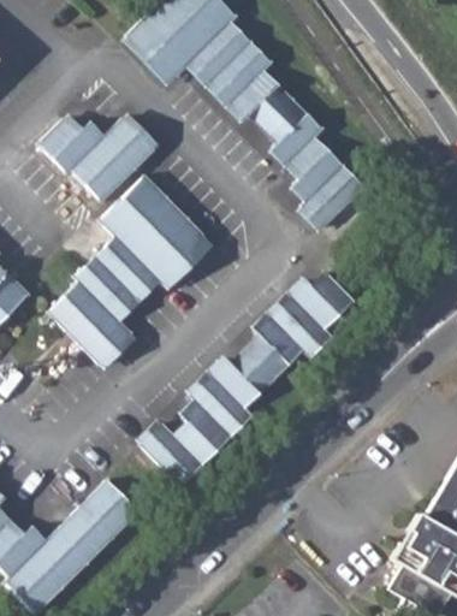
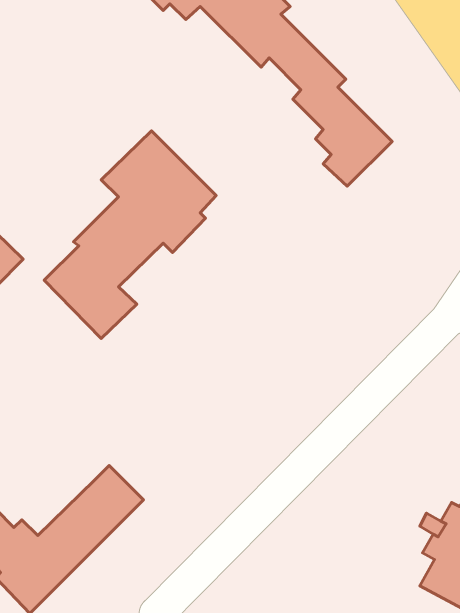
building: [37,119,154,202] -> none
building: [141,273,354,485] -> none

